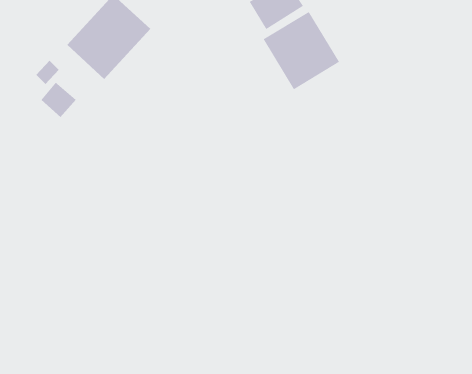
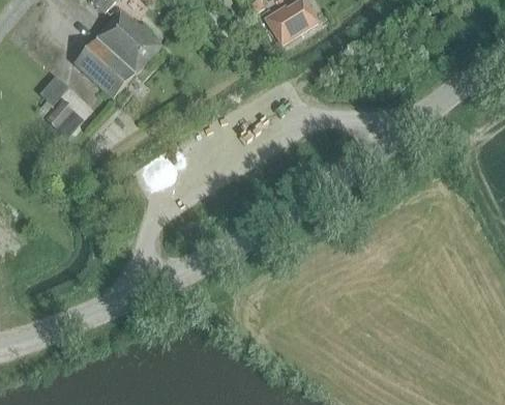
building: [263,11,340,90] -> none

